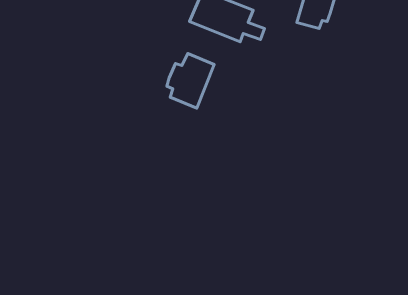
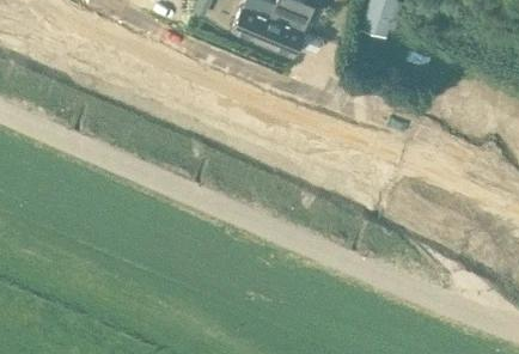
building: [167,54,214,108] -> none

